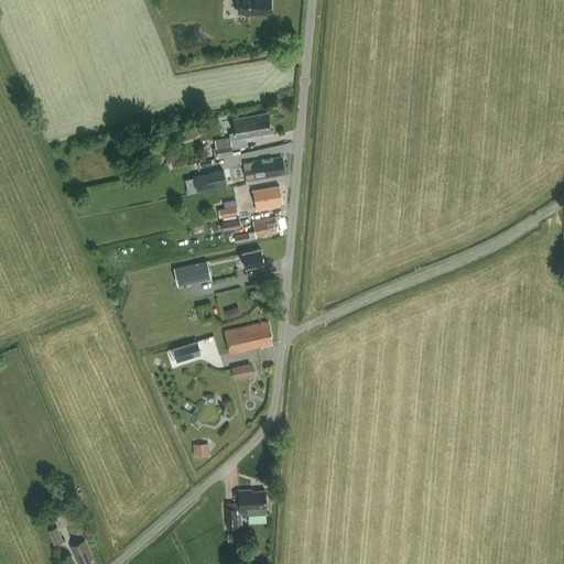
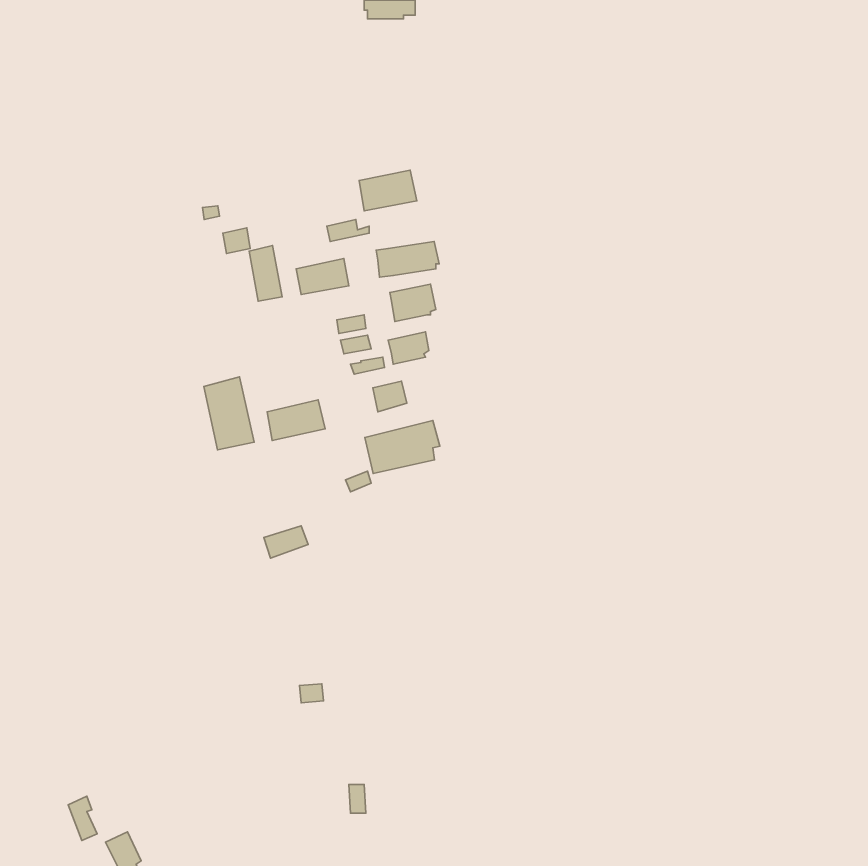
building: none -> [249,245,282,301]
building: none -> [204,377,254,450]
building: [224,321,272,355] -> [365,421,440,473]
building: [238,490,265,514] -> none

